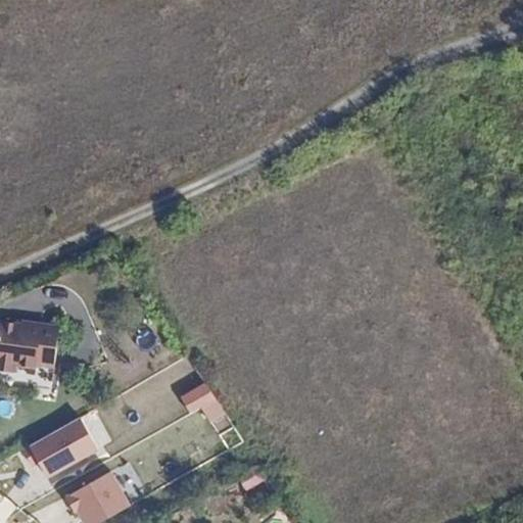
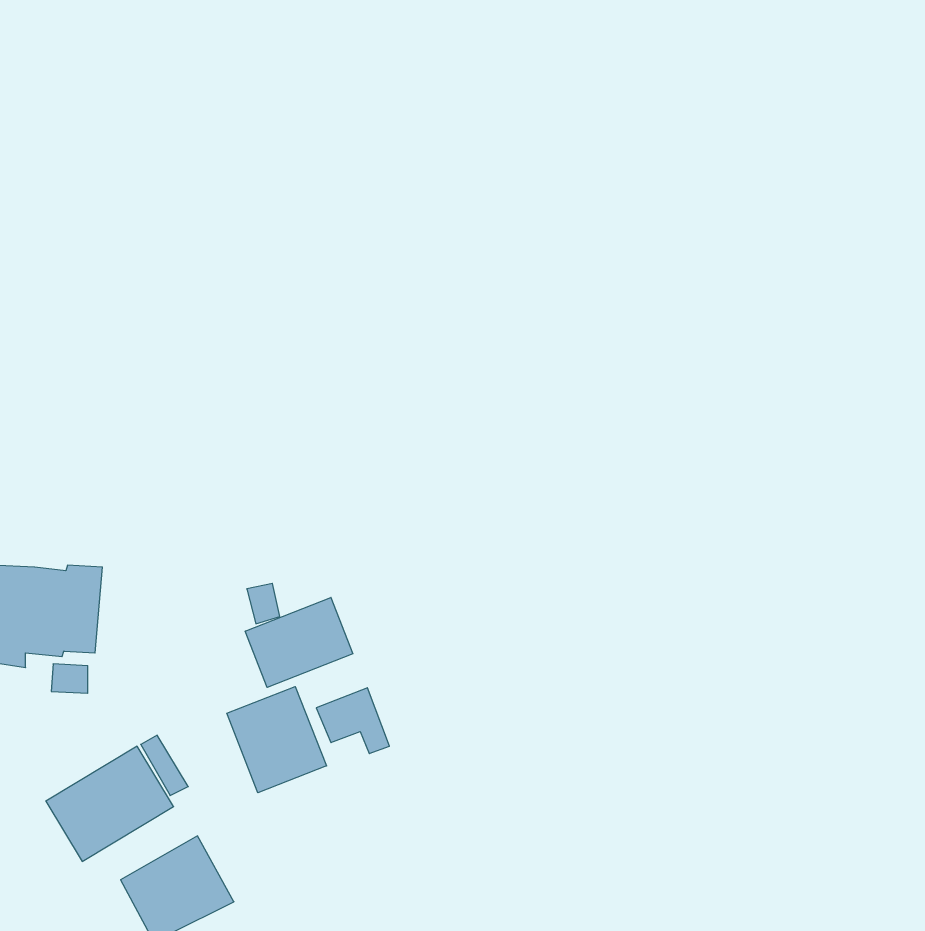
building: none -> [245,597,353,687]
building: none -> [227,687,327,793]

